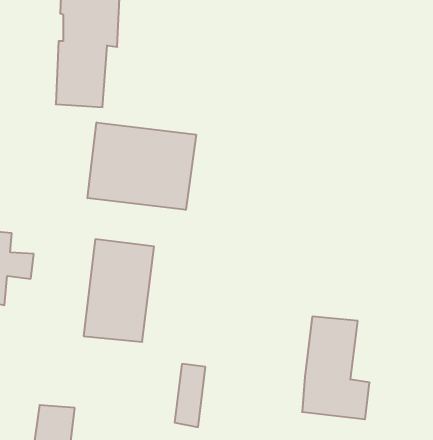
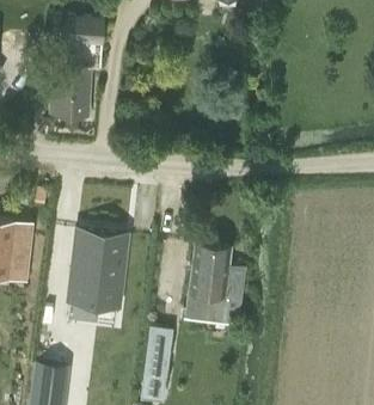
building: [88,122,196,210] -> none
building: [302,317,370,419] -> [185,246,240,330]

